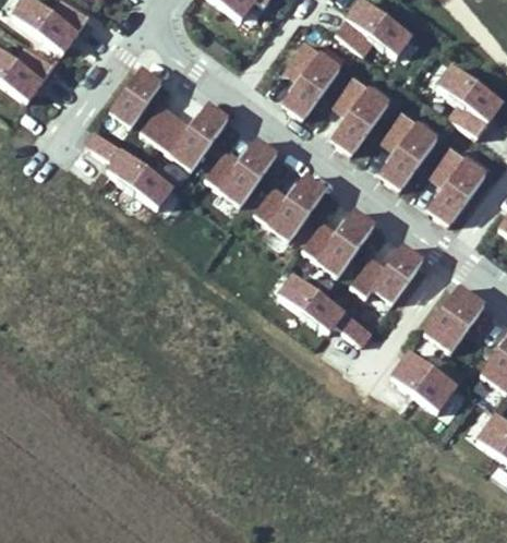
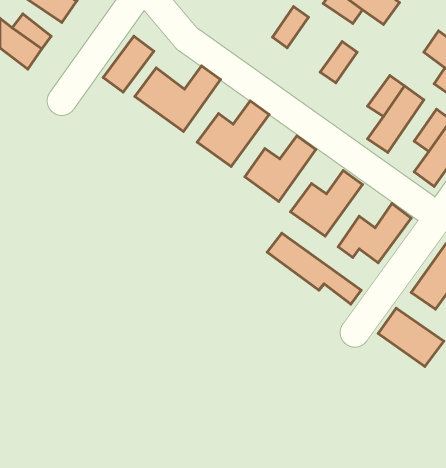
building: [281,50,341,120] -> none
building: [331,86,390,155] -> none
building: [83,129,173,207] -> none

